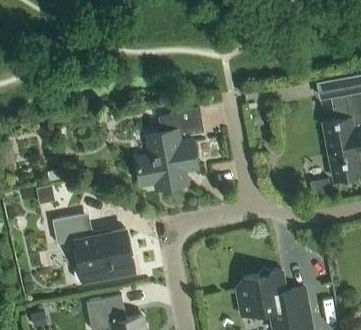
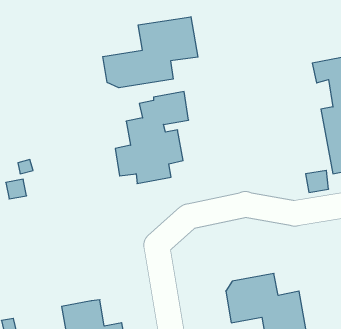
building: none -> [103,17,198,88]
building: [53,215,133,283] -> none

